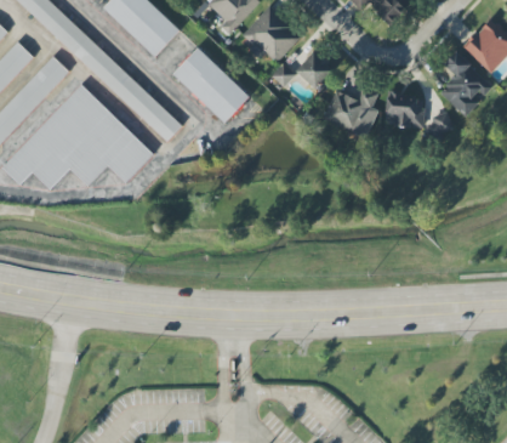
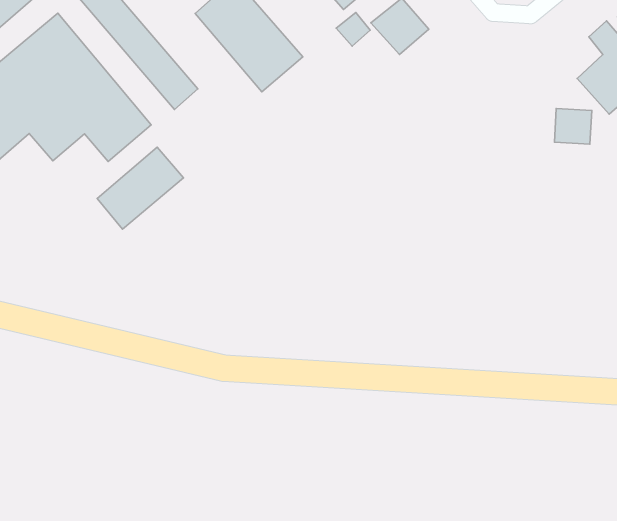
building: [323,86,378,137] -> none
building: [386,93,423,125] -> none
building: none -> [97,147,184,229]

